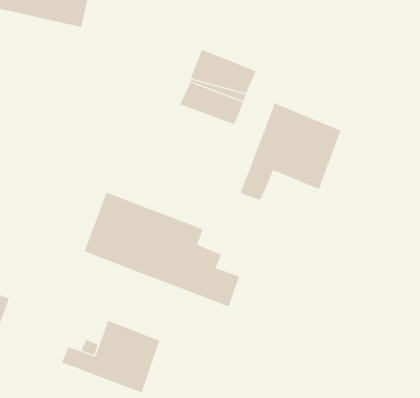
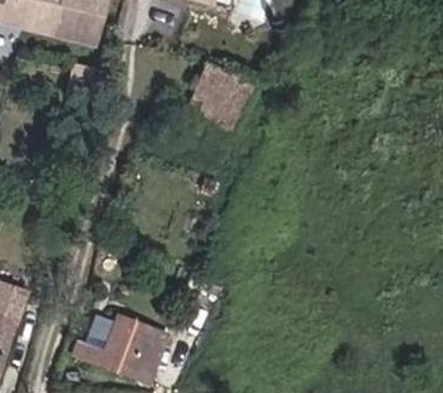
building: [240,102,341,201] -> none
building: [84,192,240,307] -> none

